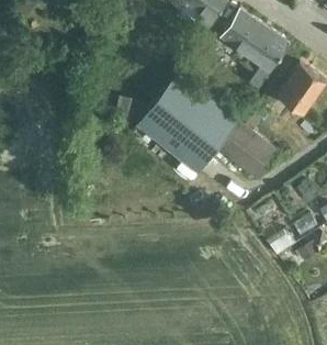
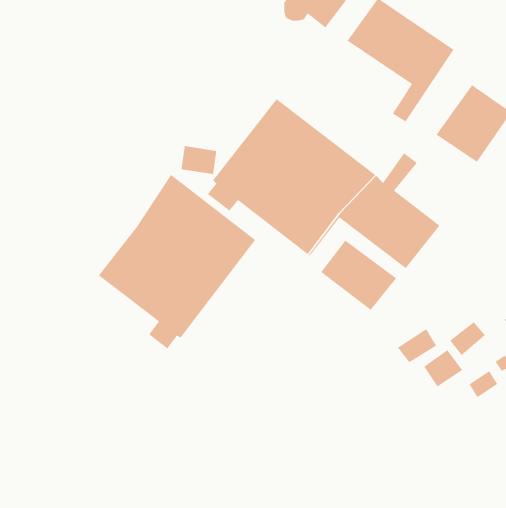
building: none -> [98,174,256,350]
building: none -> [320,240,397,311]

